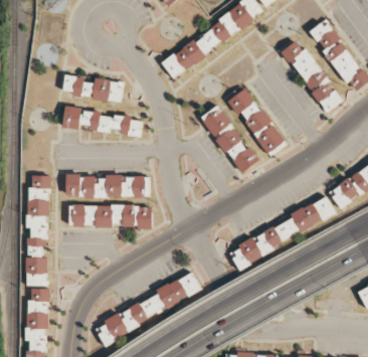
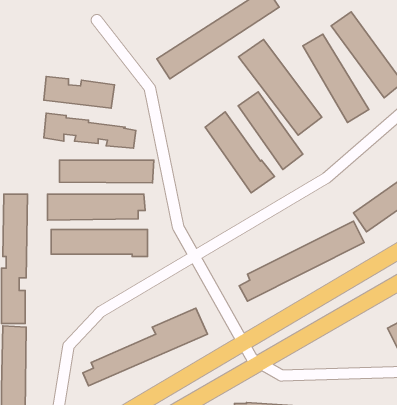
building: none -> [238,39,322,135]
building: none -> [60,160,154,183]

